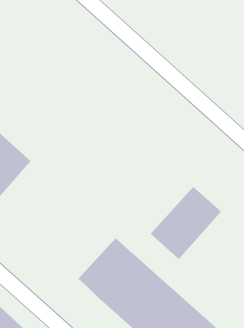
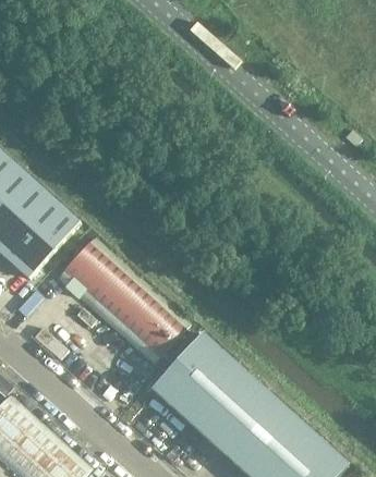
building: none -> [58,236,192,365]
building: [150,186,222,260] -> none

